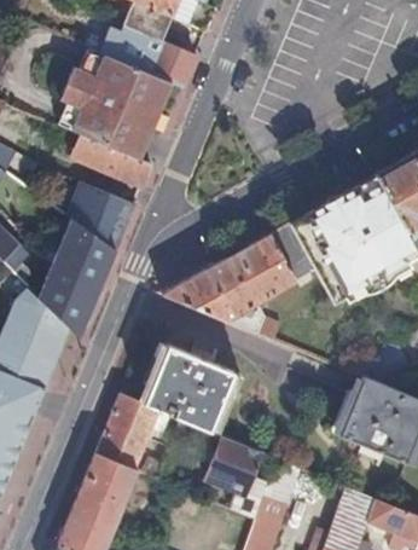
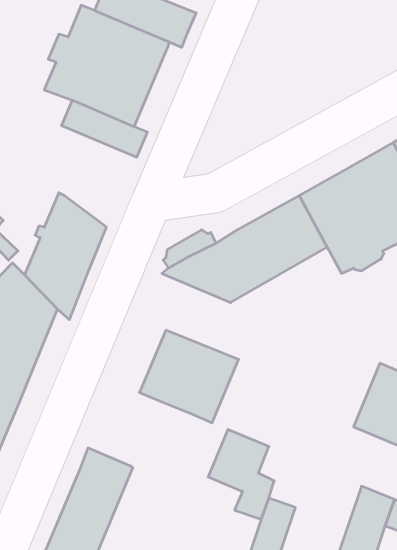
building: [69,181,134,251] -> none
building: [97,393,161,470] -> none

